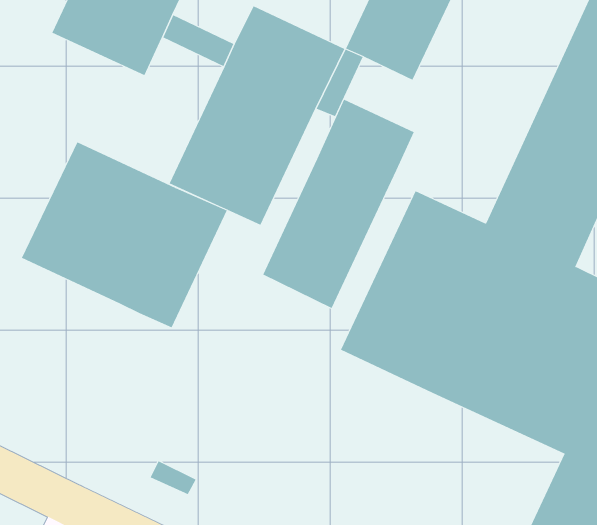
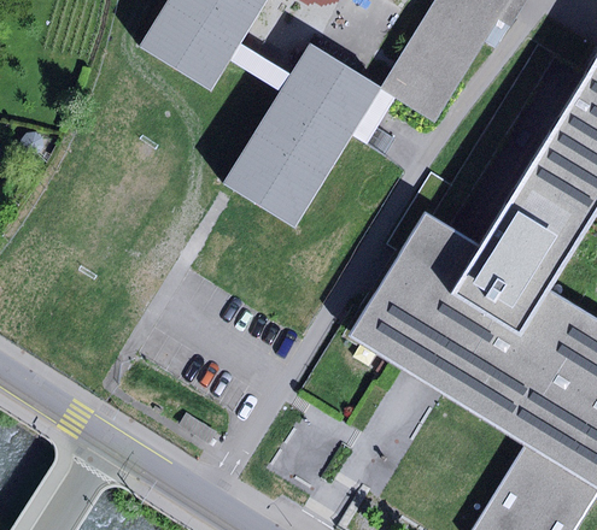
building: [262,99,414,309] -> none
building: [21,141,227,328] -> none

